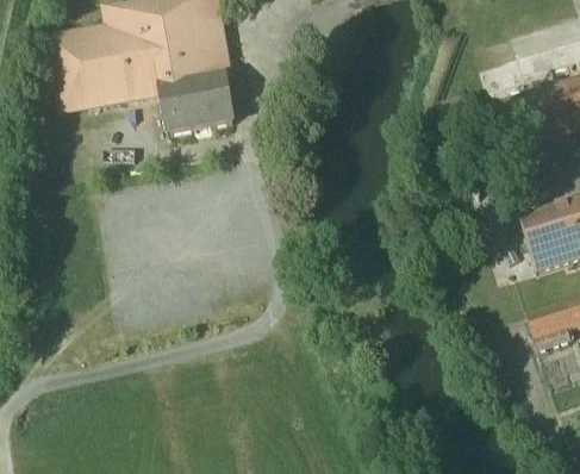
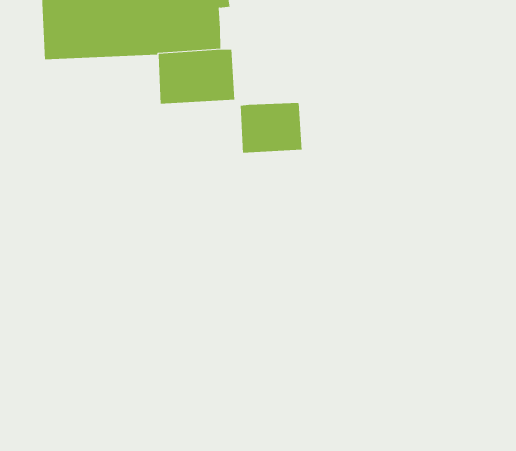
building: none -> [240,102,302,154]

